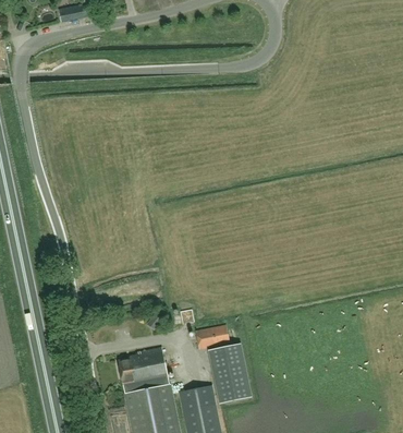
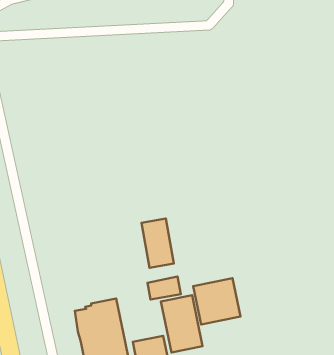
building: none -> [141,218,174,268]
building: none -> [193,278,241,325]

